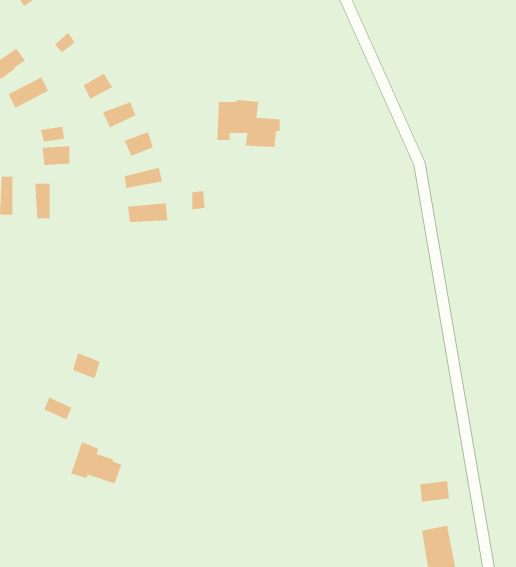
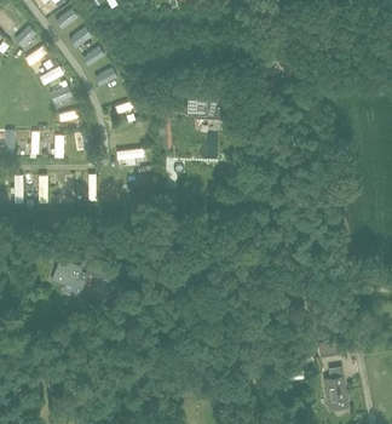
building: [71,441,122,484] -> [51,257,86,286]

